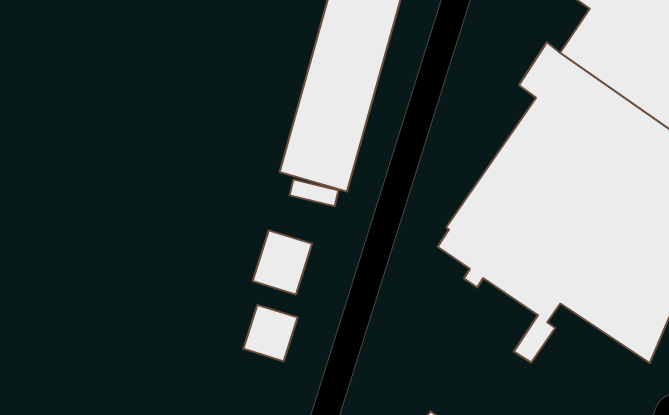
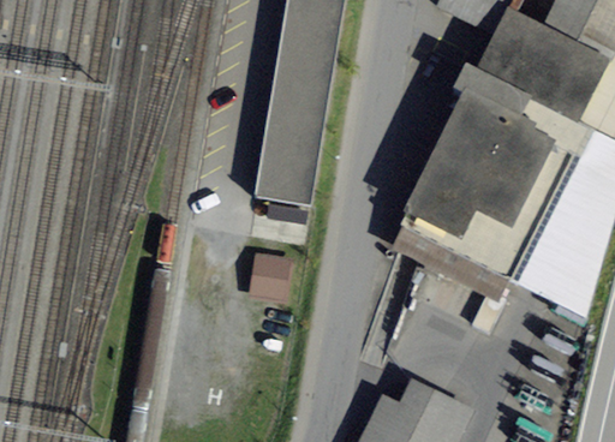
building: [243,305,298,361] -> none

